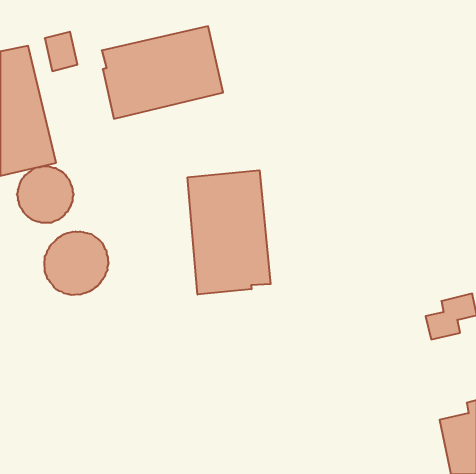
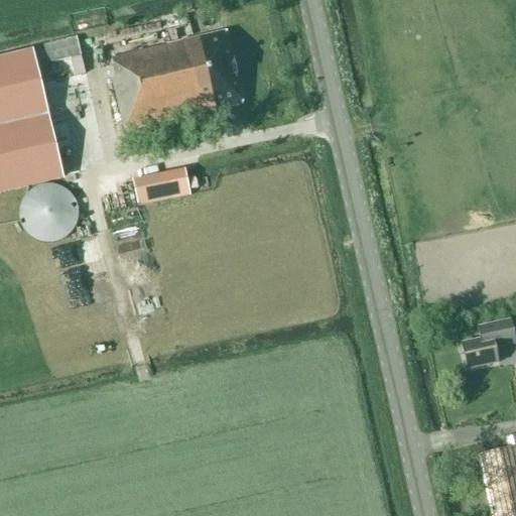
building: none -> [136,169,191,201]
building: [188,170,271,295] -> none
building: [44,231,108,295] -> none

